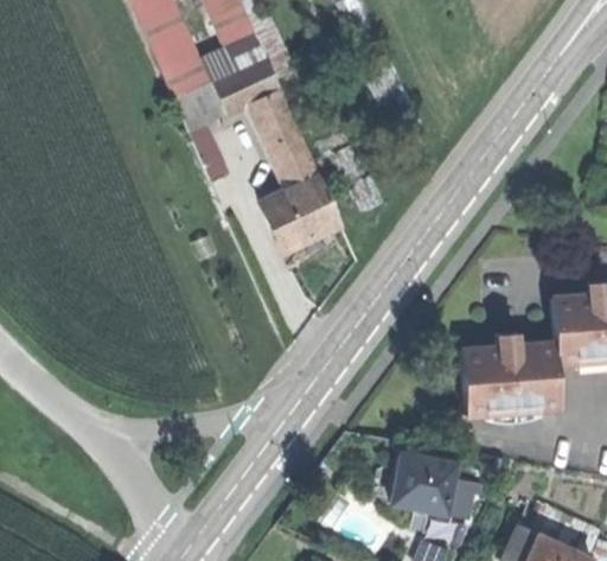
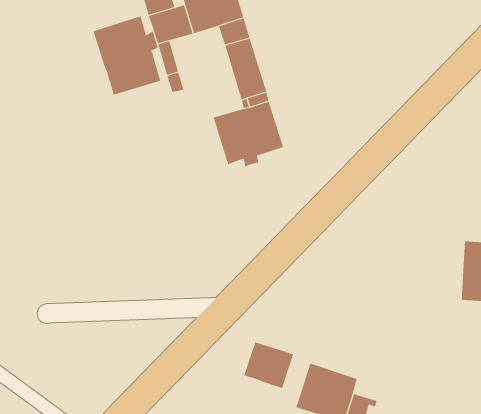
building: none -> [93,16,161,96]
building: [461,333,560,414] -> none
building: none -> [243,342,294,389]

